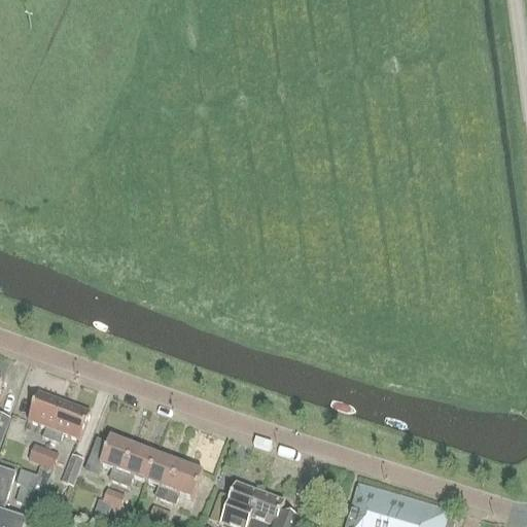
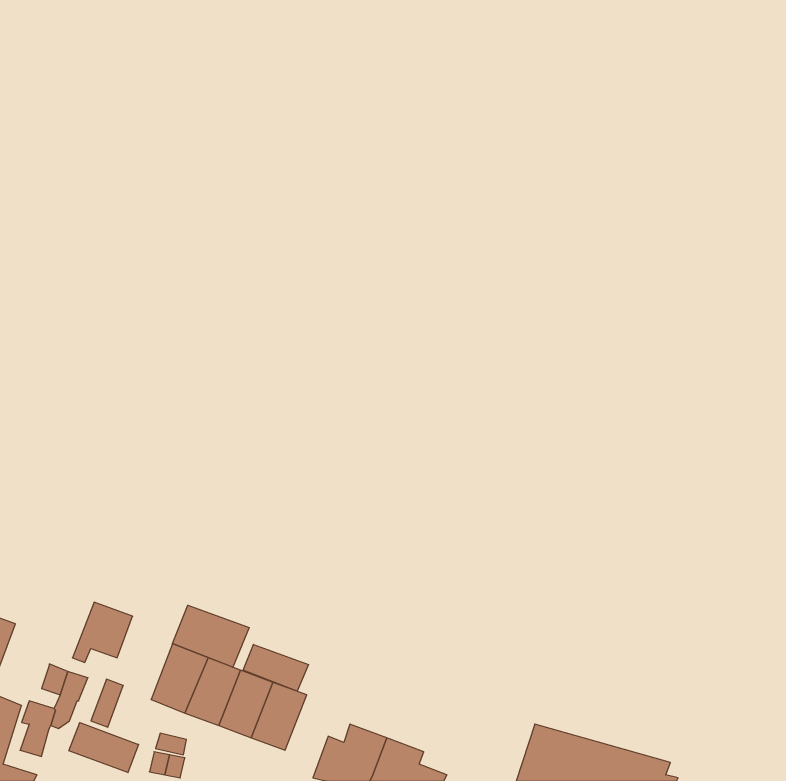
building: [26,392,63,440] -> none
building: none -> [172,605,249,667]
building: none -> [243,644,308,691]
building: none -> [69,723,139,773]

